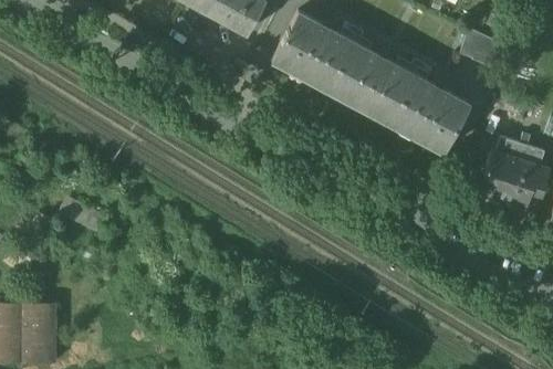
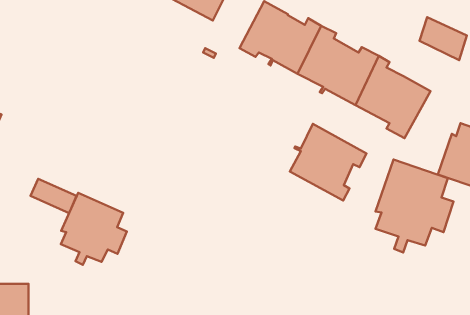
building: none -> [290,124,367,200]
building: none -> [376,159,453,252]
building: none -> [61,193,127,265]

